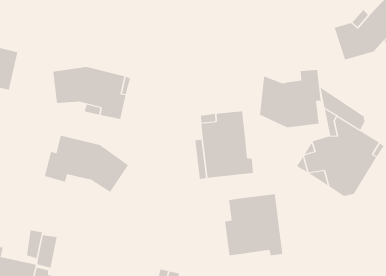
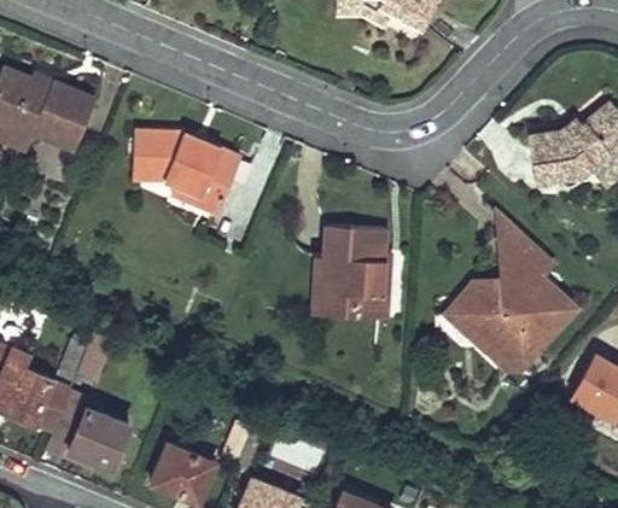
building: [260,69,321,128] -> none
building: [44,135,129,193] -> none
building: [224,194,283,256] -> none

